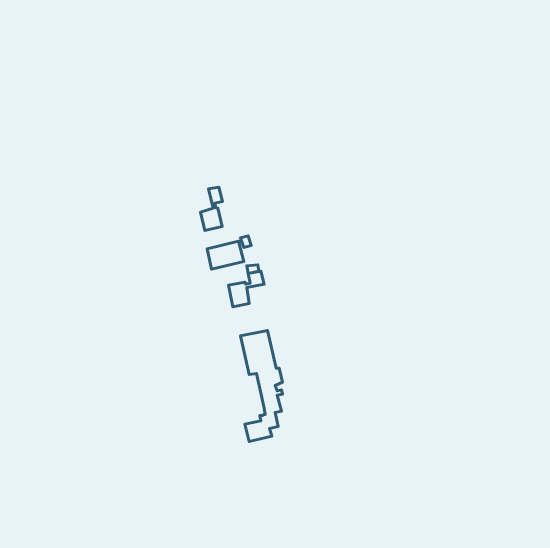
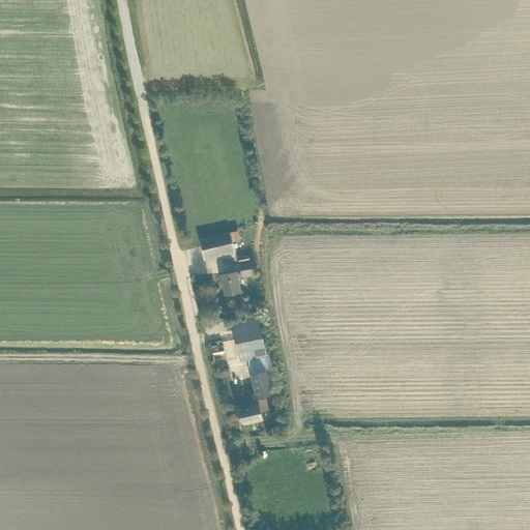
building: [201,187,223,230] -> none

